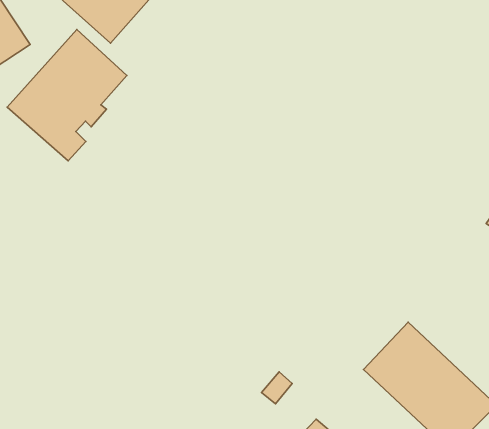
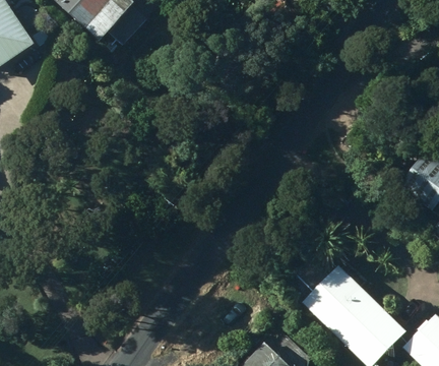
building: [7,29,127,161] -> none

